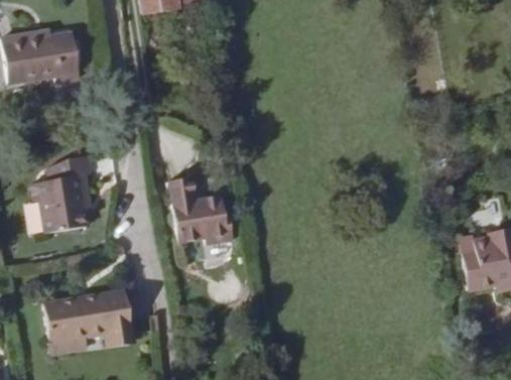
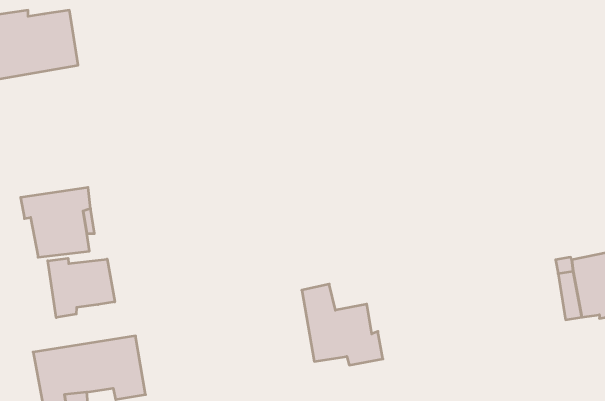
building: [169,176,235,242] -> [302,284,383,365]
building: none -> [48,258,115,318]

